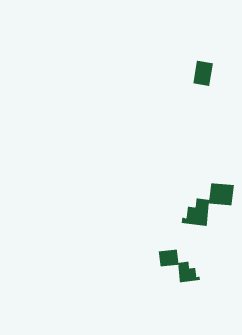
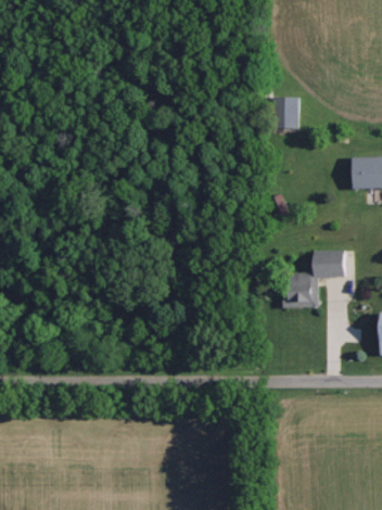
building: [158,249,201,283] -> none

